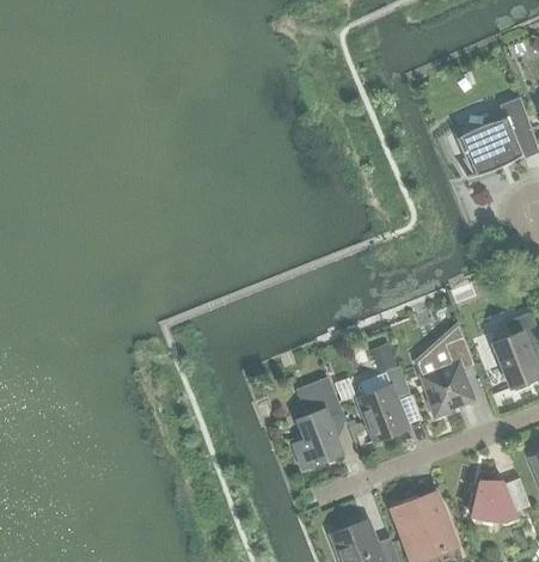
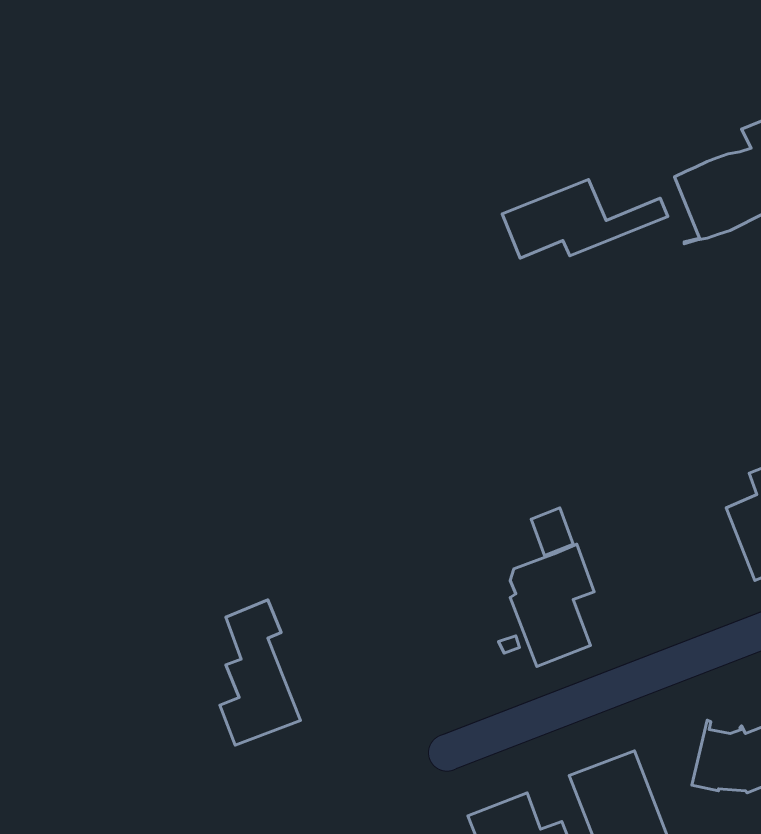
building: none -> [502,179,668,258]
building: [416,336,476,417] -> none
building: [293,378,343,469] -> [220,600,300,745]

